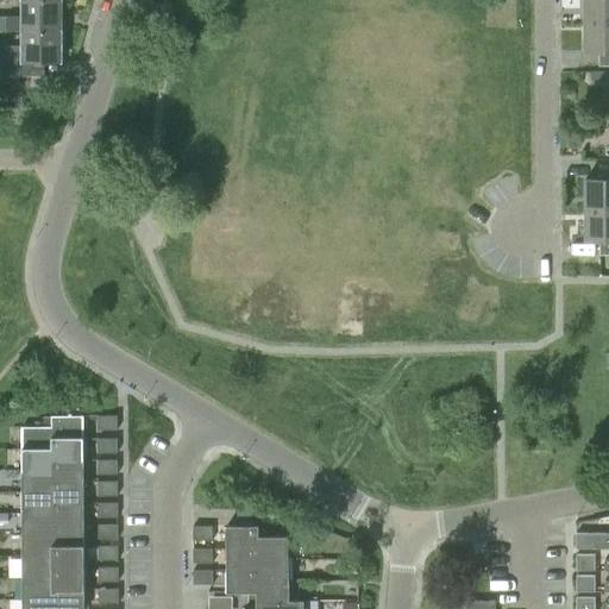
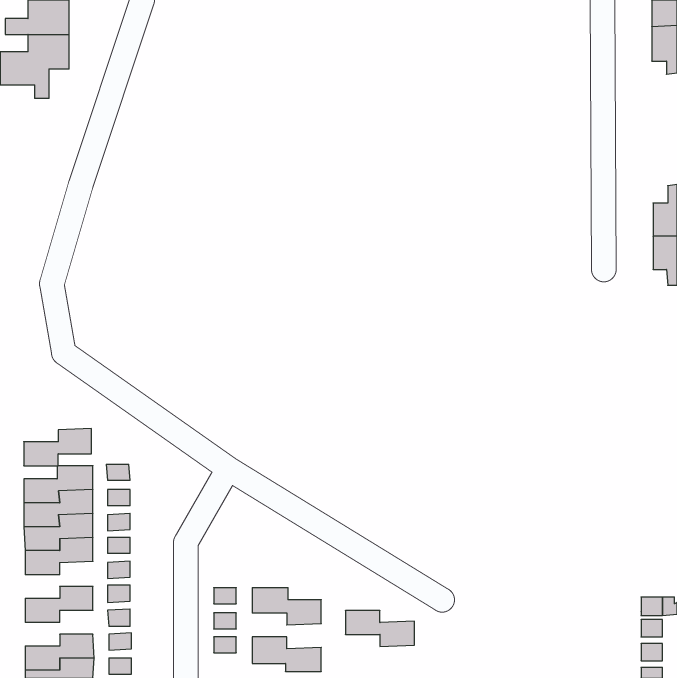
building: [23,503,83,536] -> [24,429,91,466]
building: [23,547,83,579] -> none
building: [226,550,288,582] -> [345,611,414,646]

